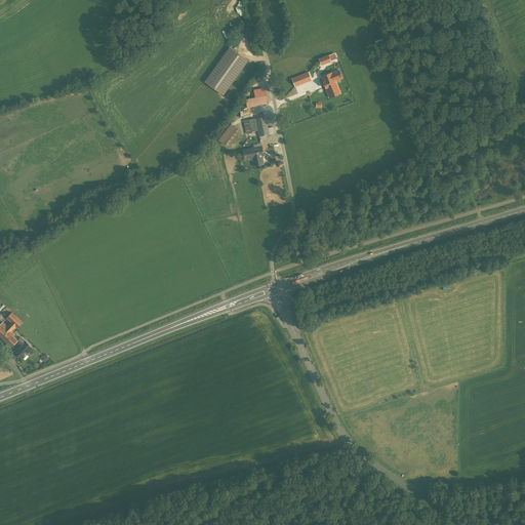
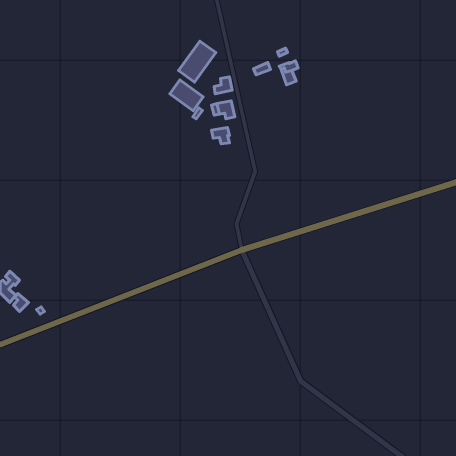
building: none -> [170,80,203,111]

